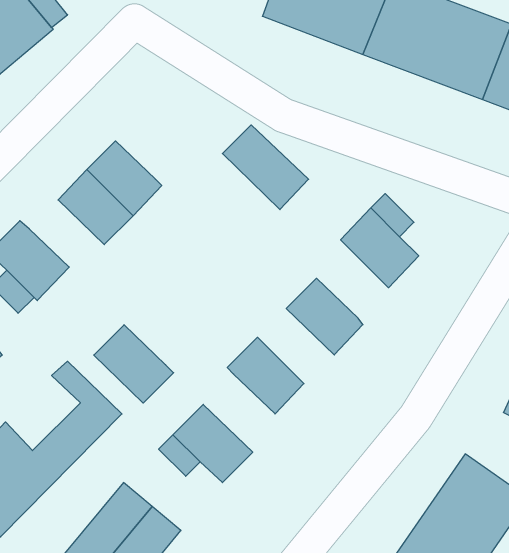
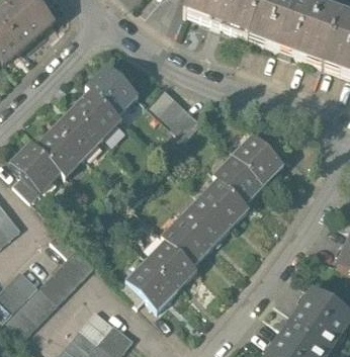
building: none -> [86,67,136,116]
building: none -> [35,129,83,177]
building: none -> [212,155,263,204]
building: none -> [180,198,229,246]
building: [94,325,174,403] -> [146,240,196,289]

